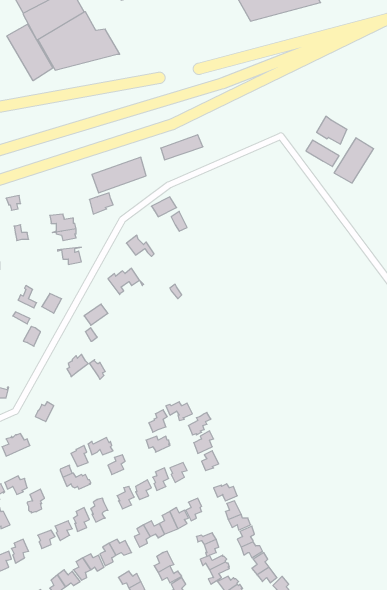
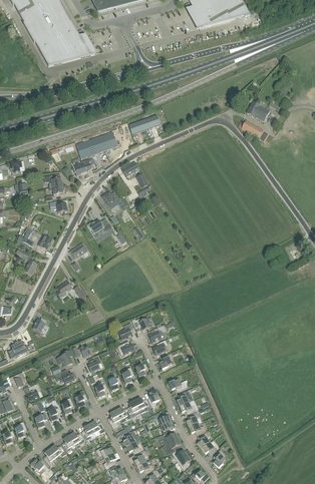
building: [7,24,53,81] -> none
building: [334,138,374,183] -> none

